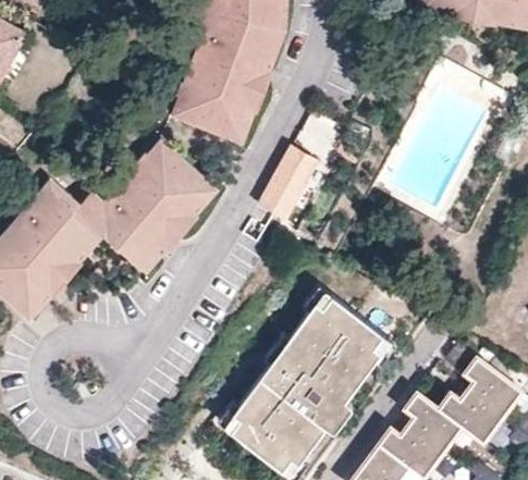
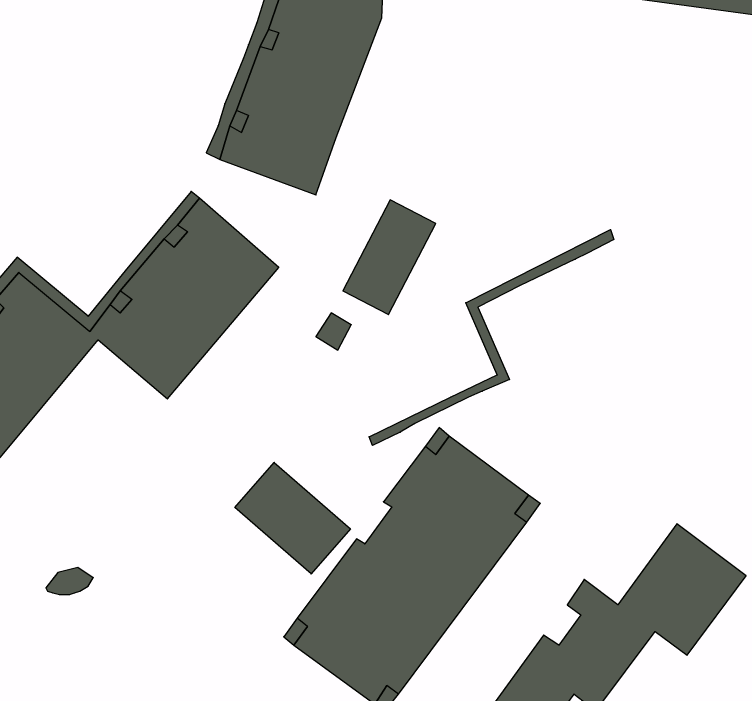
building: none -> [369,230,614,445]
building: none -> [235,462,350,574]

